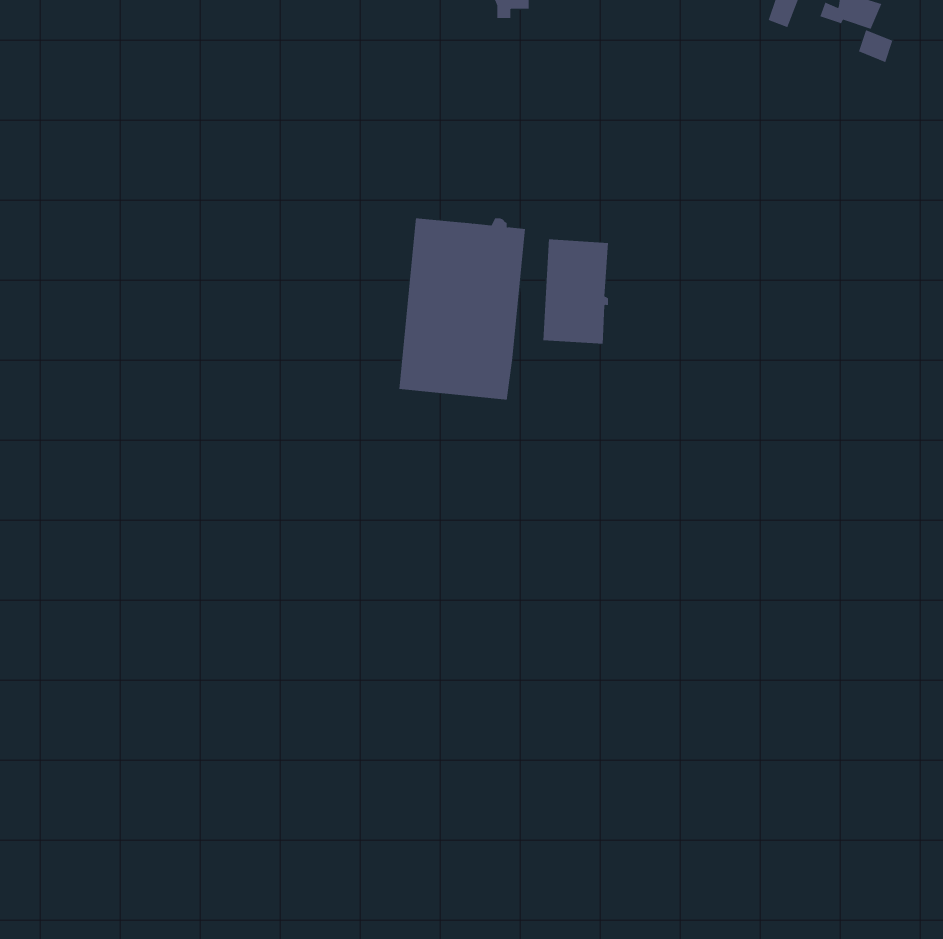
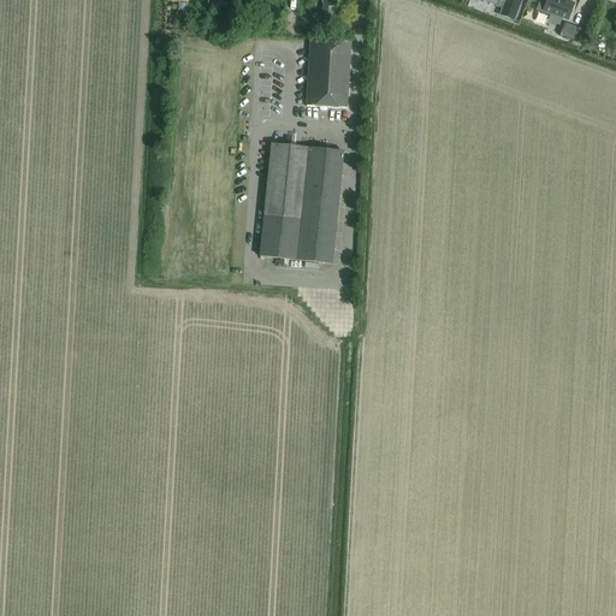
building: [542,239,609,344] -> [307,38,350,107]

